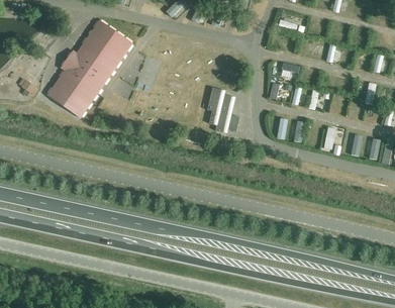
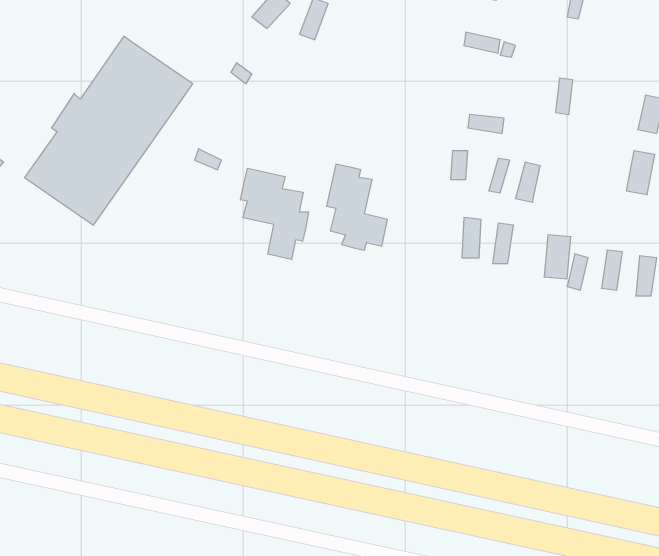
building: none -> [241,168,309,260]

